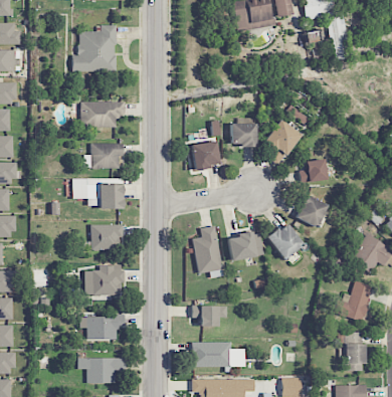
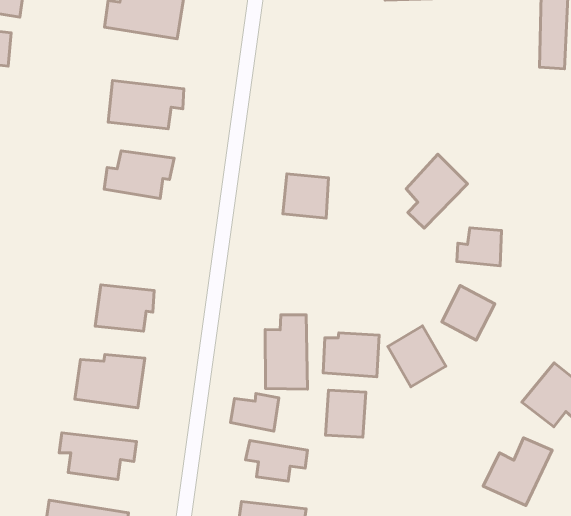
building: [231,122,256,146] -> none
building: [71,177,123,208] -> none
building: none -> [326,390,366,437]
building: none -> [230,393,279,431]

